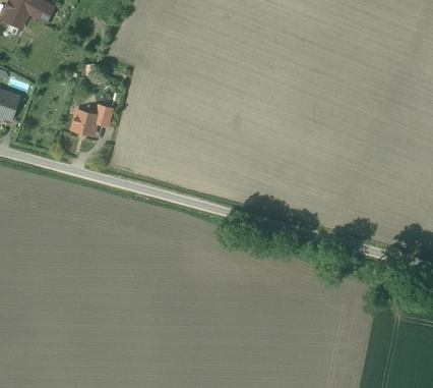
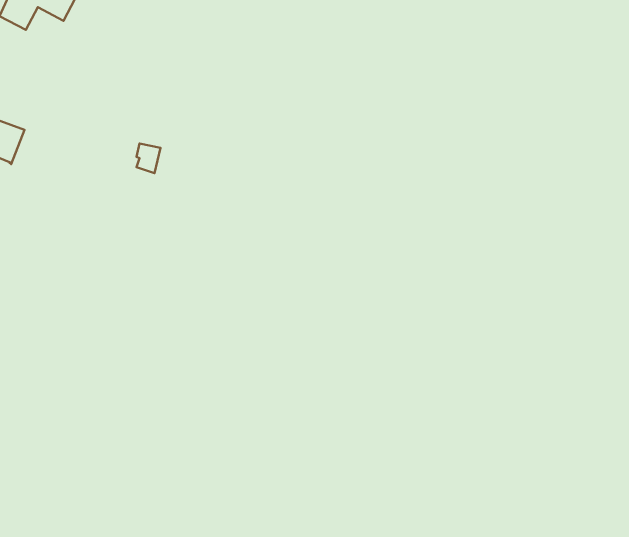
building: [71,110,98,135] -> none

